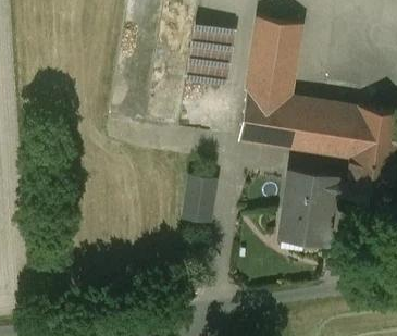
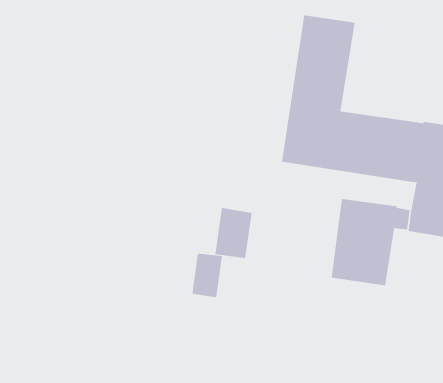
building: none -> [192,253,222,298]

